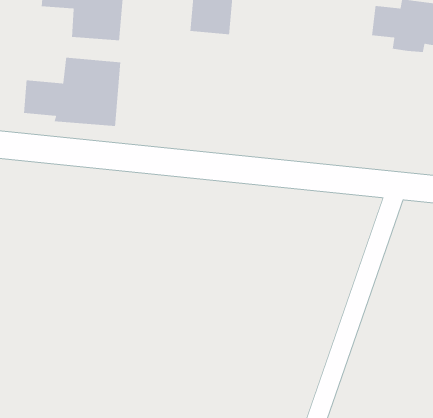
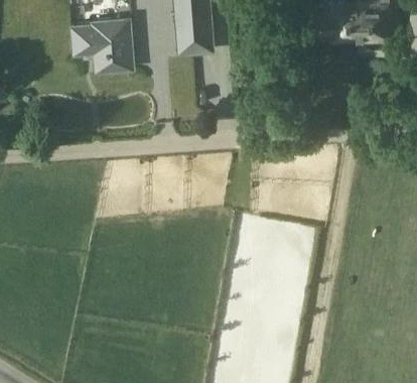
building: [23,57,121,127] -> none

